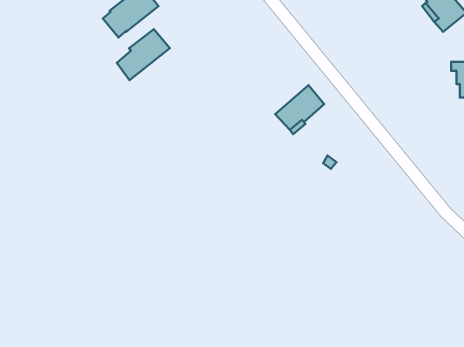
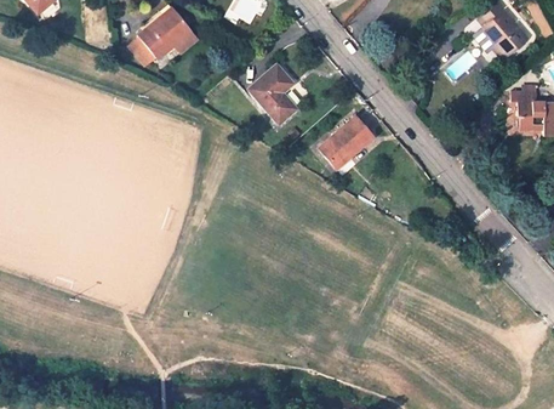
building: [117,29,170,80] -> none
building: none -> [250,66,296,124]

